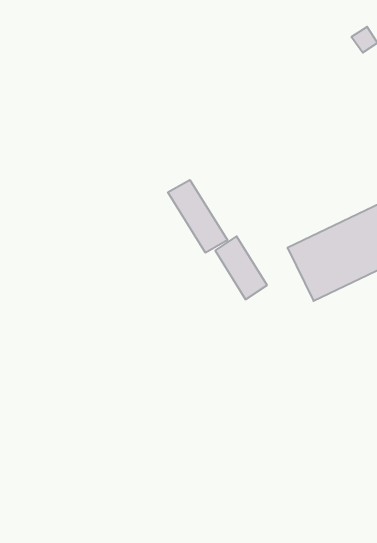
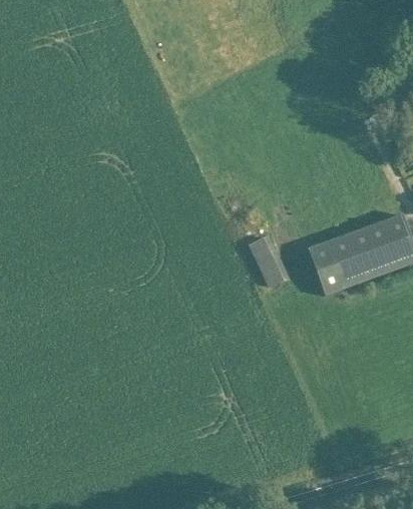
building: [168,180,227,253] -> none

